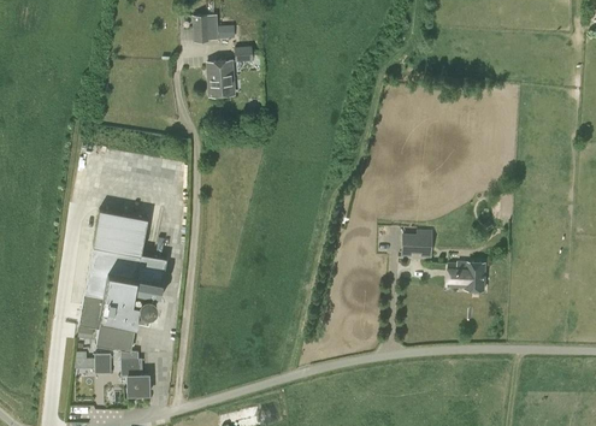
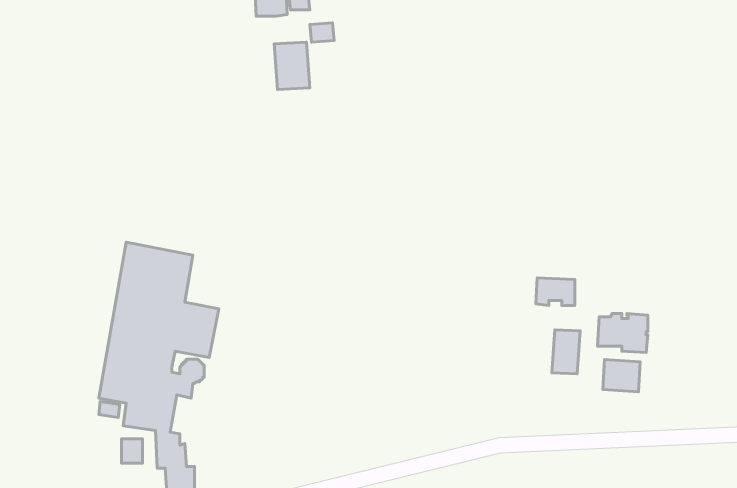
building: none -> [552,330,580,374]
building: none -> [603,360,640,392]

